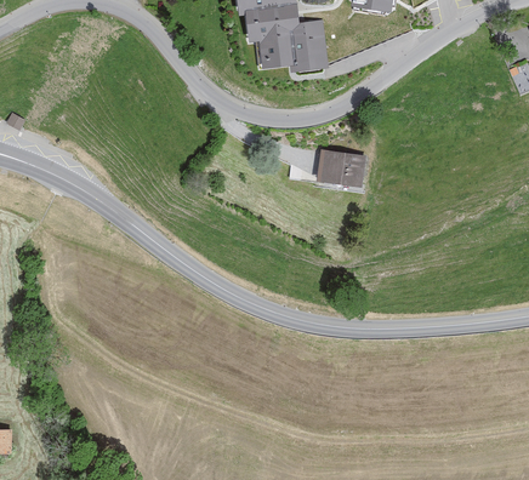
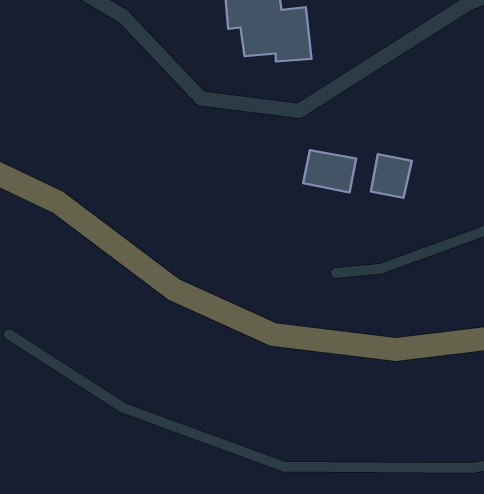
building: none -> [371,154,412,198]

